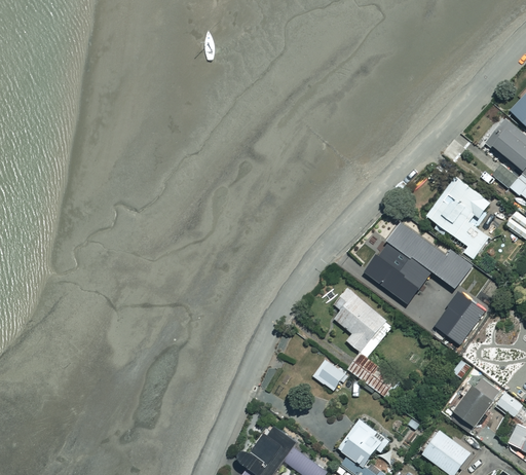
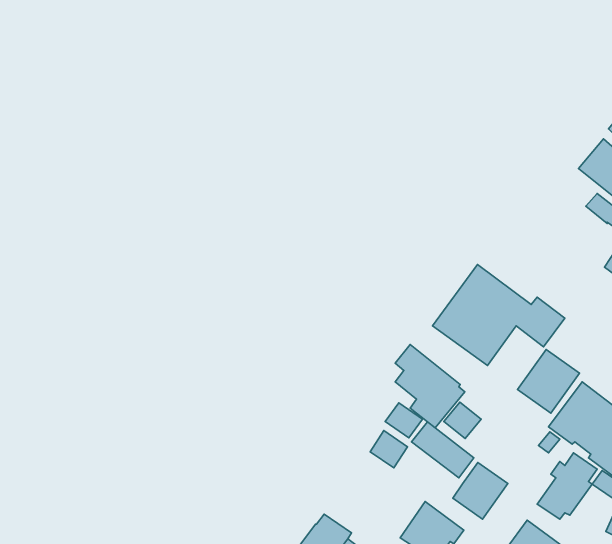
building: [426,176,490,258] -> none
building: none -> [444,402,481,438]
building: none -> [385,403,422,438]
building: none -> [453,462,508,519]

